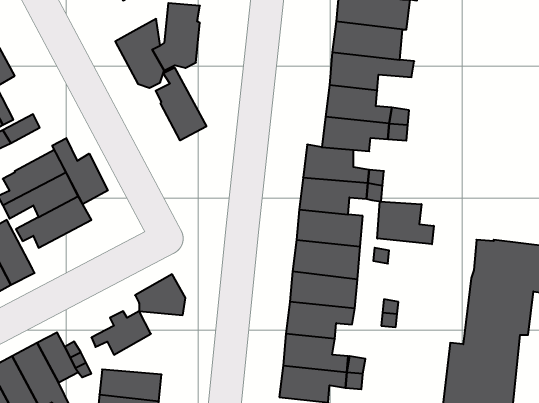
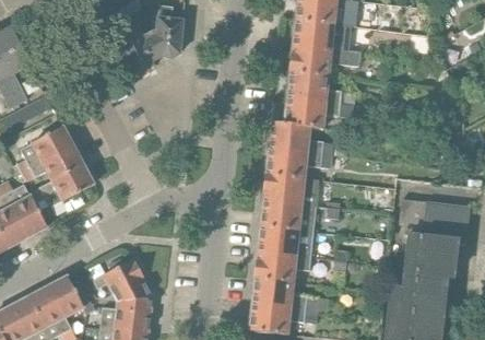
building: [156,68,206,140] -> none
building: [52,138,108,204] -> none
building: [377,201,434,244] -> none
building: [135,274,185,315] -> [113,278,154,312]

